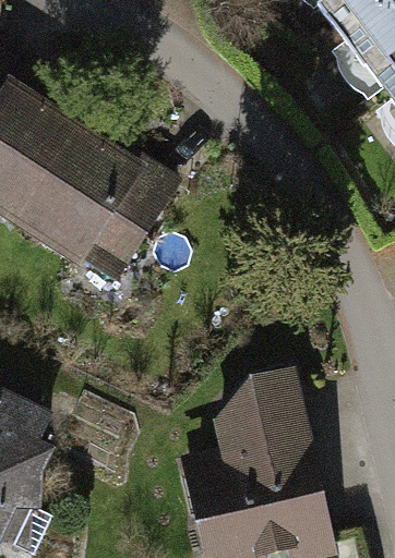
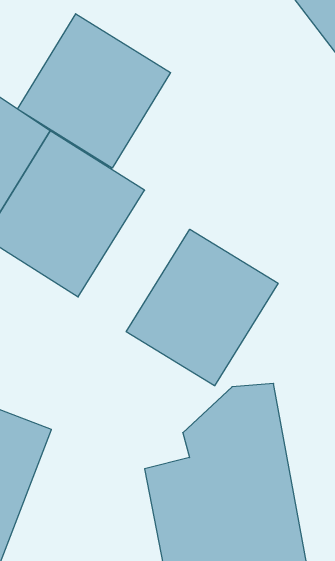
building: none -> [17,14,171,168]
building: none -> [126,229,278,386]

